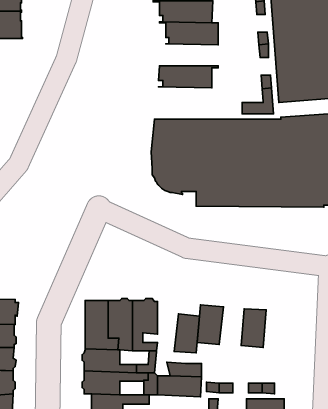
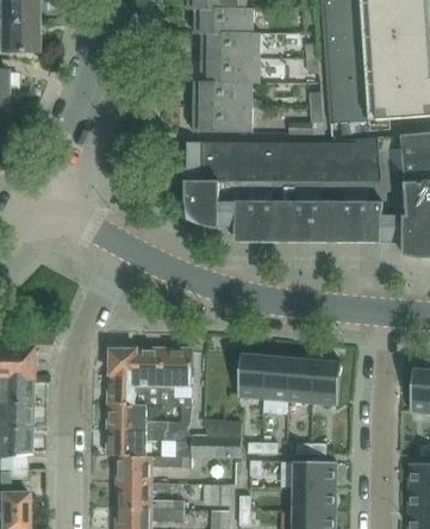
building: none -> [195,57,262,82]
building: none -> [194,106,255,132]
building: none -> [313,360,342,405]
building: [174,314,199,353] -> [263,356,292,400]

